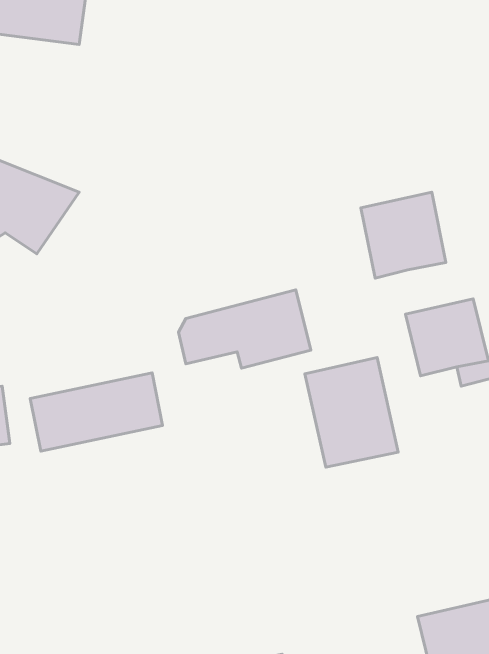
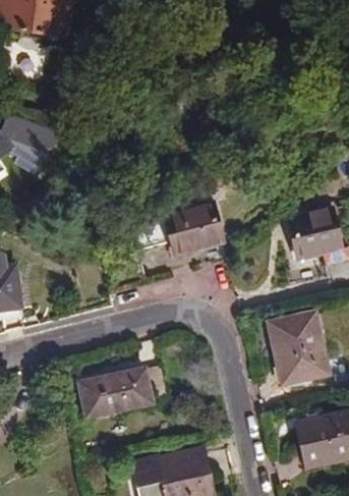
building: [361,192,446,278] -> none
building: [305,357,398,467] -> [267,310,330,384]
building: [30,373,163,451] -> [78,364,168,417]

